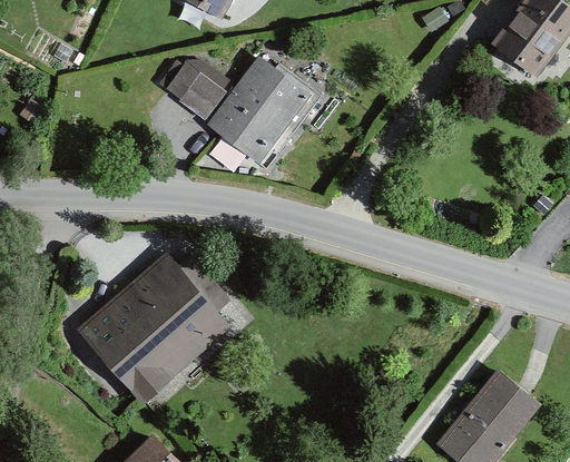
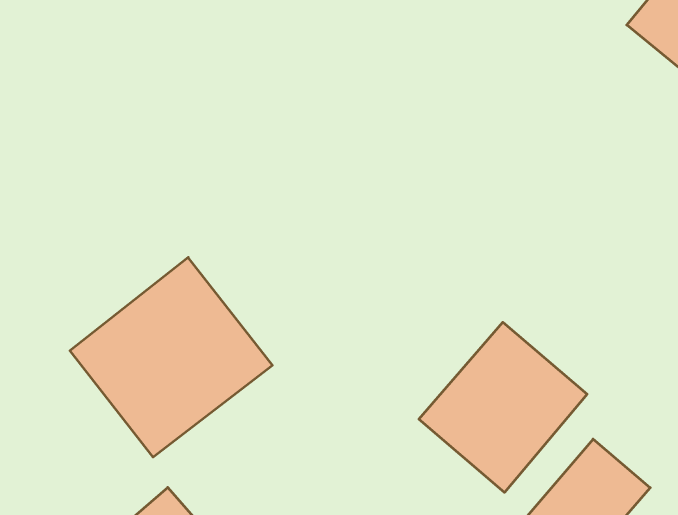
building: [149,48,312,166] -> none
building: none -> [419,322,587,492]

